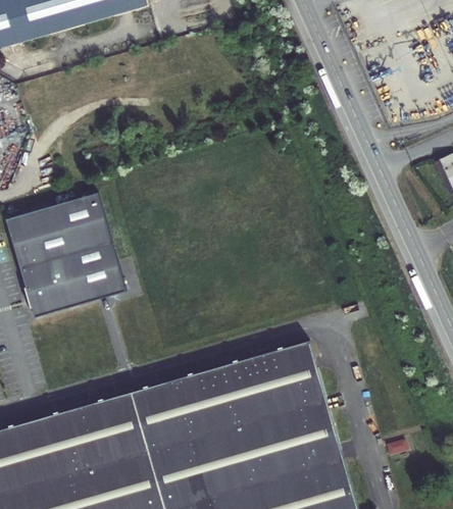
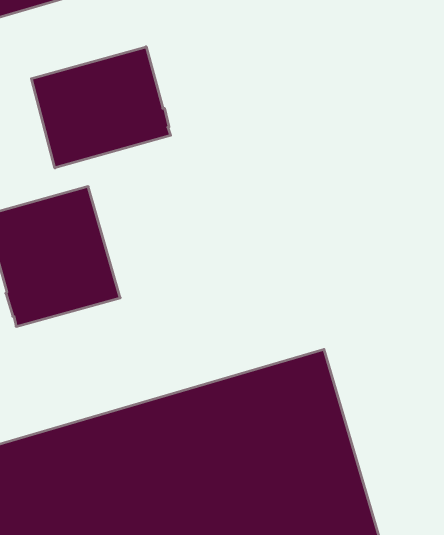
building: none -> [31,47,171,168]

